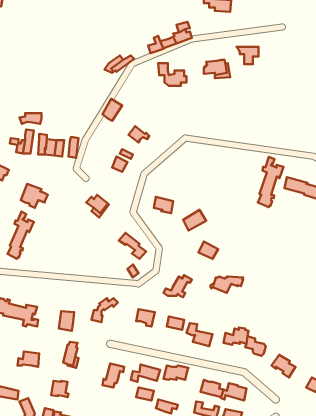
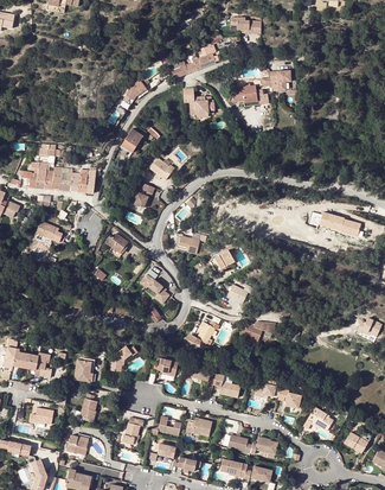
building: [258,157,283,207] -> none
building: [8,212,34,259] -> none

